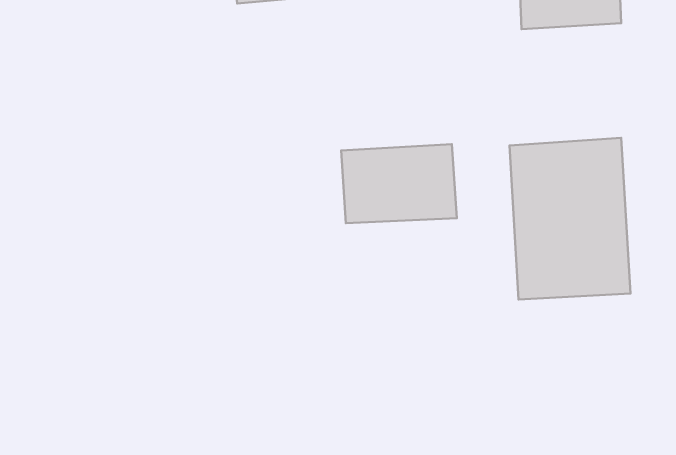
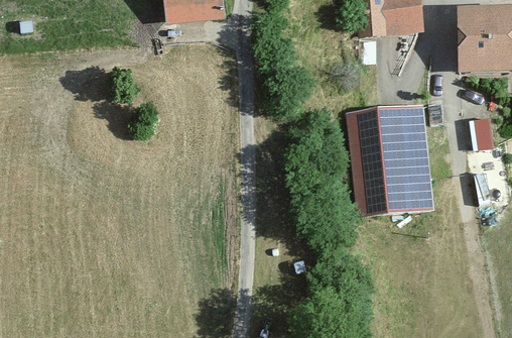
building: [341,144,457,223] -> none

